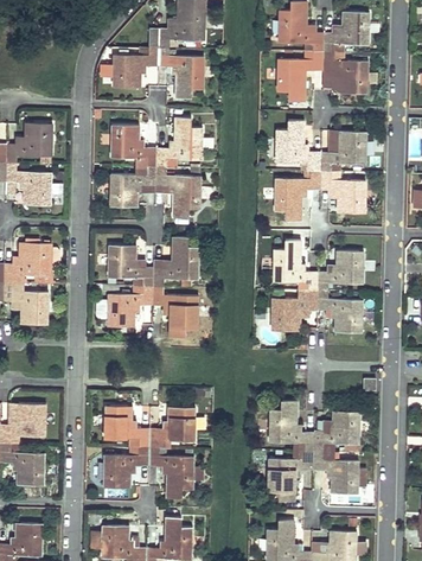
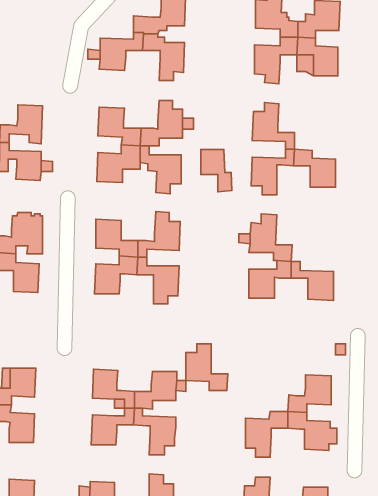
building: [320,133,365,172] -> none
building: none -> [201,149,232,192]
building: [316,251,363,291] -> none
building: [269,401,314,451] -> [186,344,228,390]

